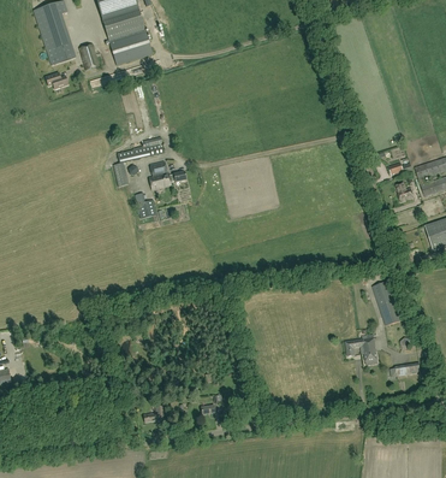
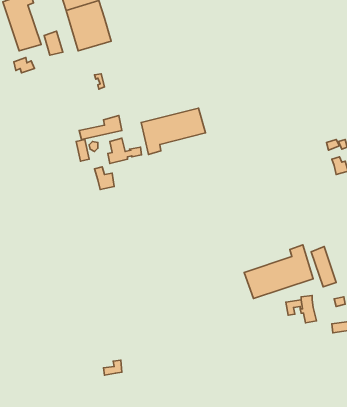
building: none -> [141,108,206,154]
building: none -> [244,245,313,299]

